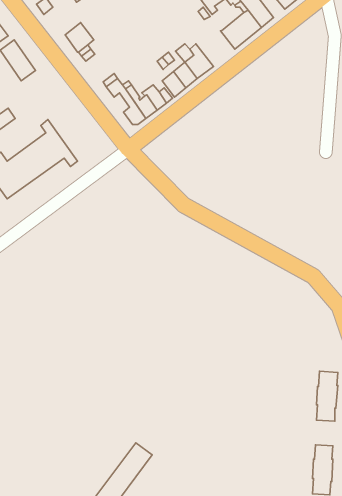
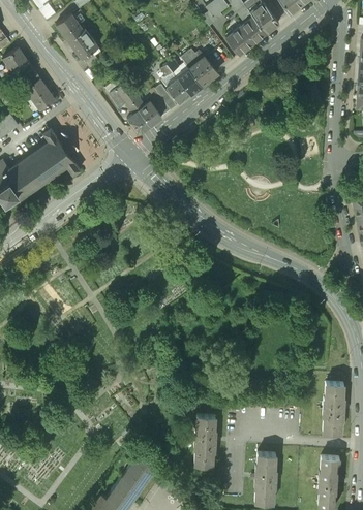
building: none -> [55,13,82,41]
building: none -> [21,77,54,109]
building: none -> [193,414,214,465]
building: none -> [253,452,275,503]

